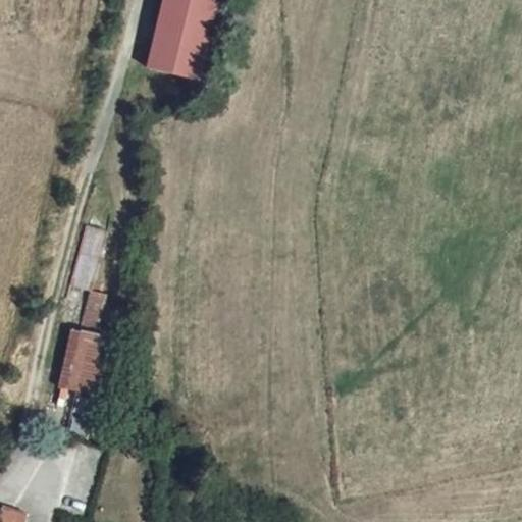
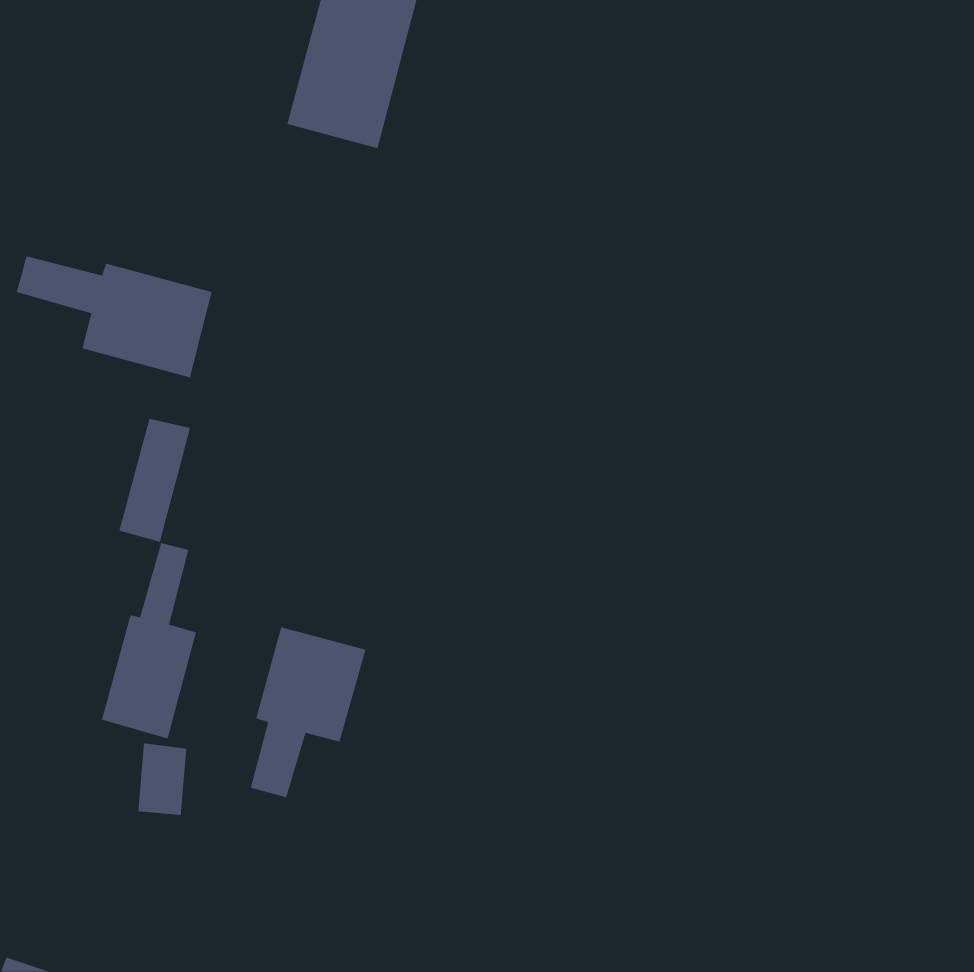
building: none -> [16,256,212,378]
building: none -> [250,627,366,798]

